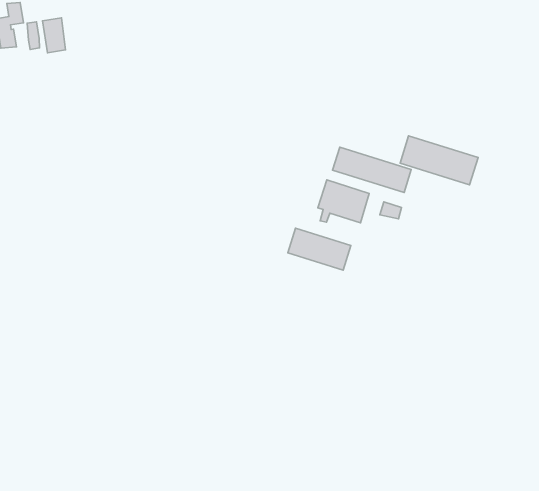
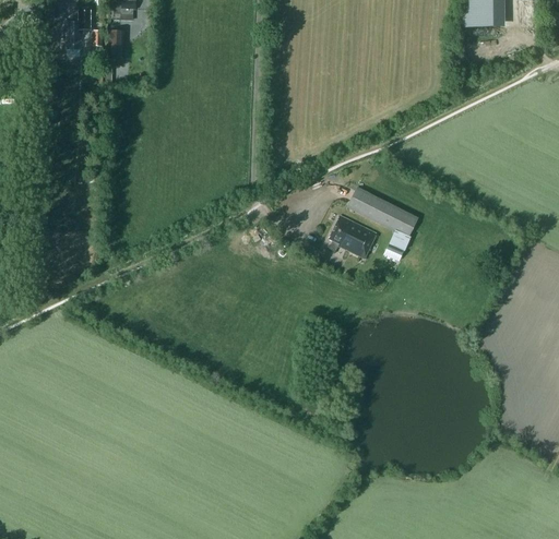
building: [400,136,478,185] -> none
building: [288,228,351,270] -> none

